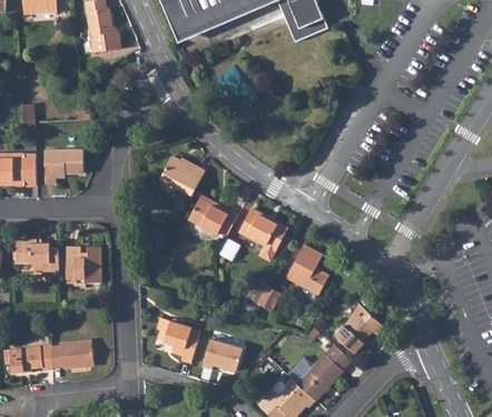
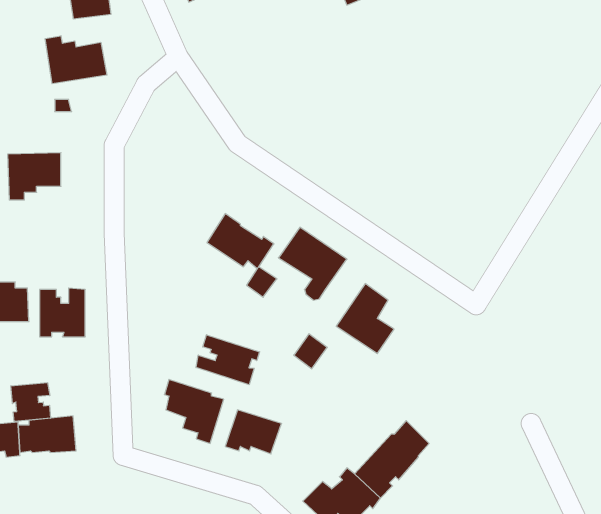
building: none -> [45,36,107,84]
building: [161,155,206,196] -> none
building: none -> [196,335,260,385]
building: [336,304,384,355] -> none
building: none -> [11,383,51,421]

